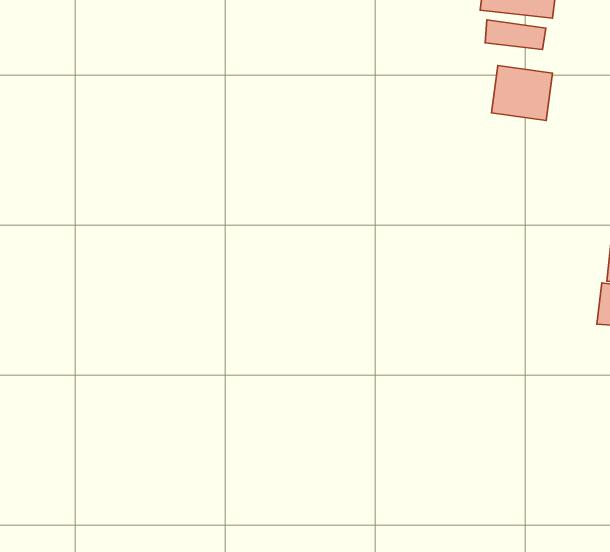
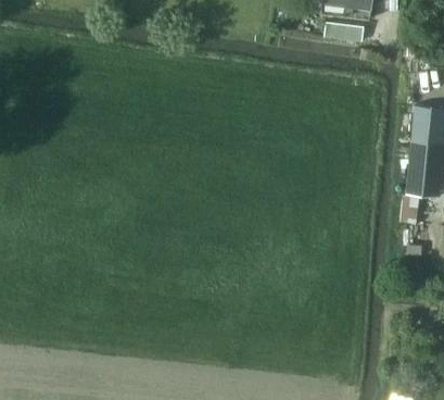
building: [492,66,553,120] -> none

